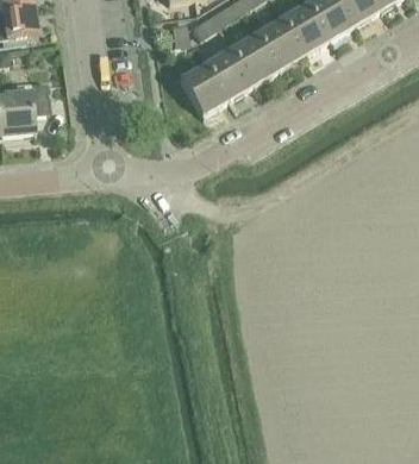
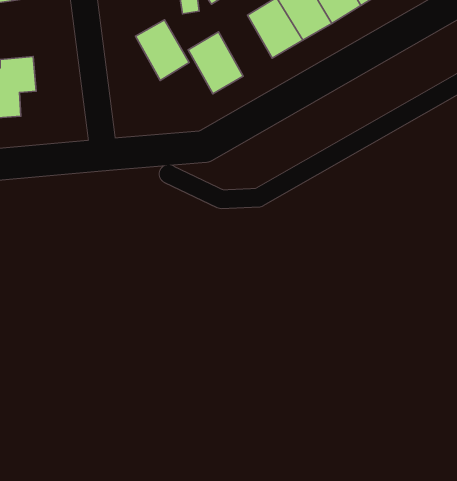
building: [206,48,252,100] -> [135,20,189,81]

